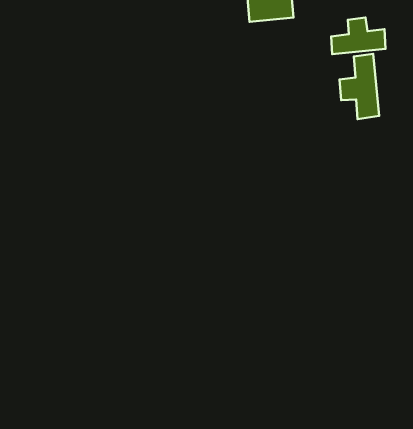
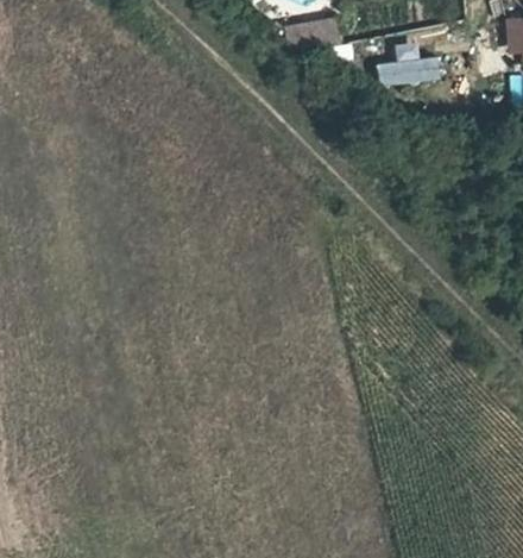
building: [340,54,379,119] -> none

